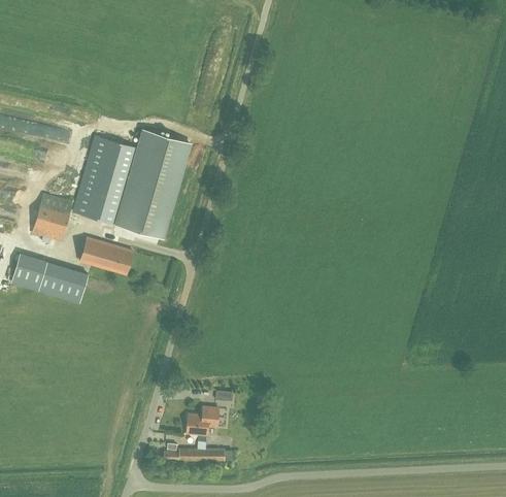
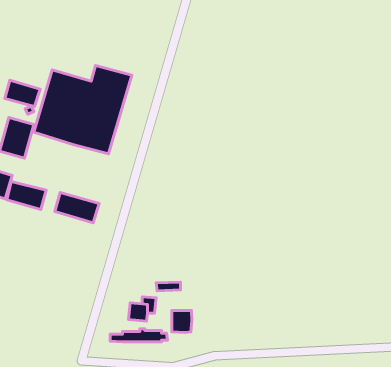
building: none -> [5,80,40,107]
building: [79,237,132,273] -> [55,192,99,223]
building: none -> [172,310,192,332]

